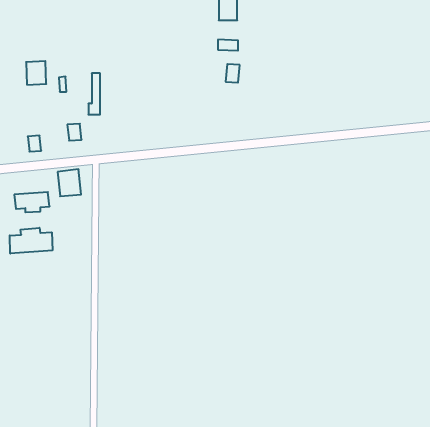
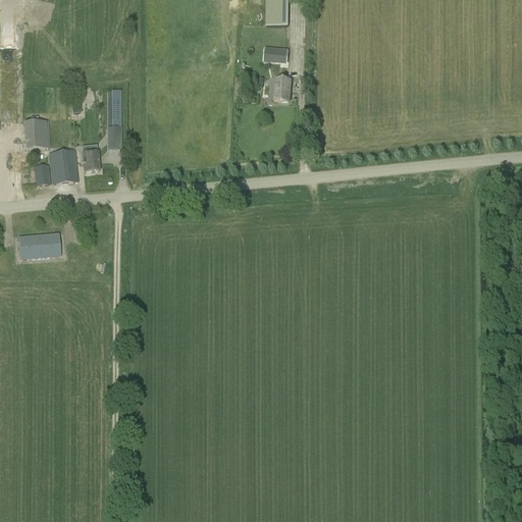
building: [26,61,46,85] -> [25,118,50,147]
building: [58,169,81,196] -> [49,149,77,181]
building: [10,228,52,254] -> none

